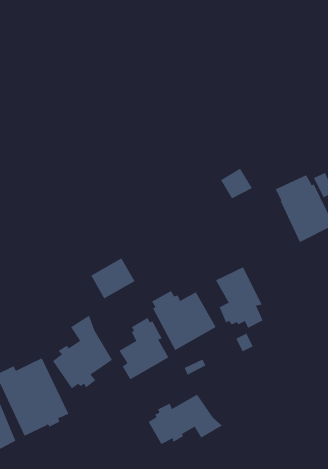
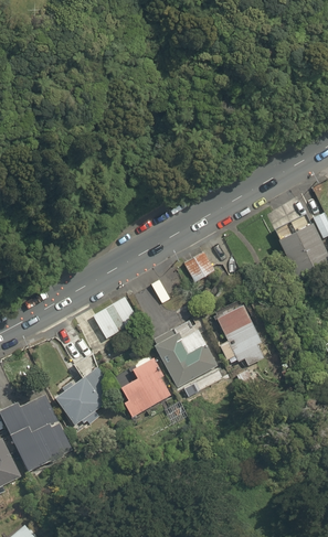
building: [220,168,253,199] -> [183,251,215,282]
building: [148,394,223,445] -> none

